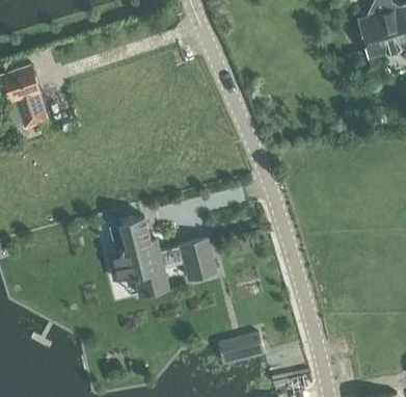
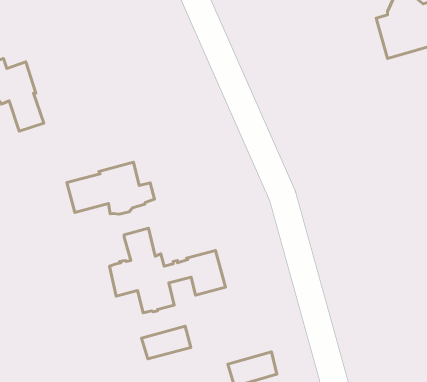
building: none -> [67,162,155,214]
building: none -> [141,326,191,359]

